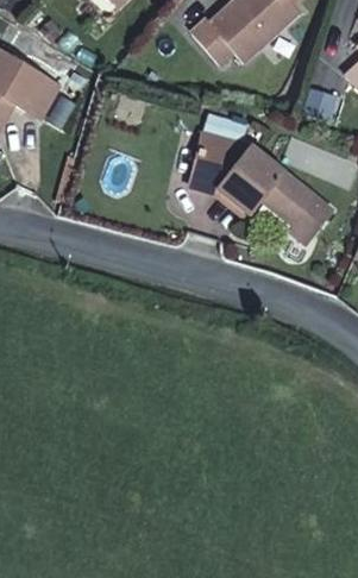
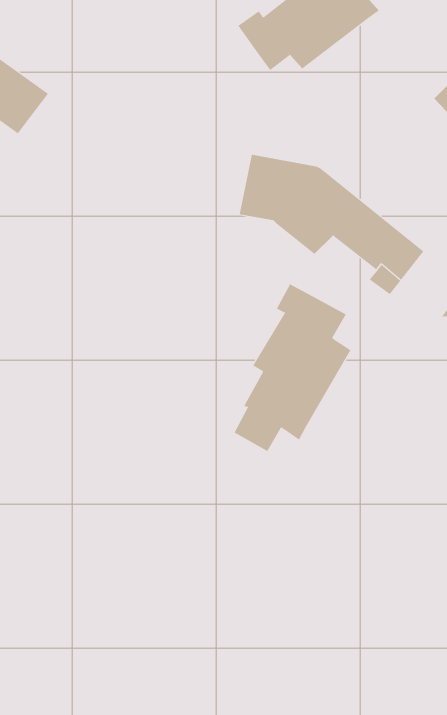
building: none -> [234,284,351,452]

